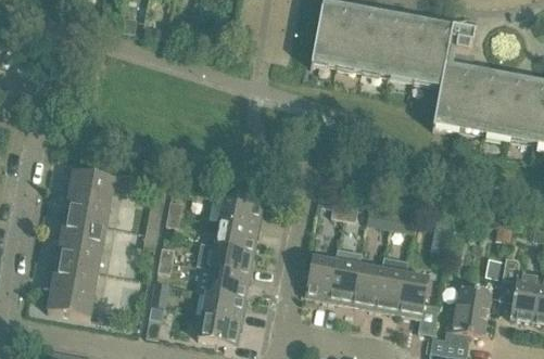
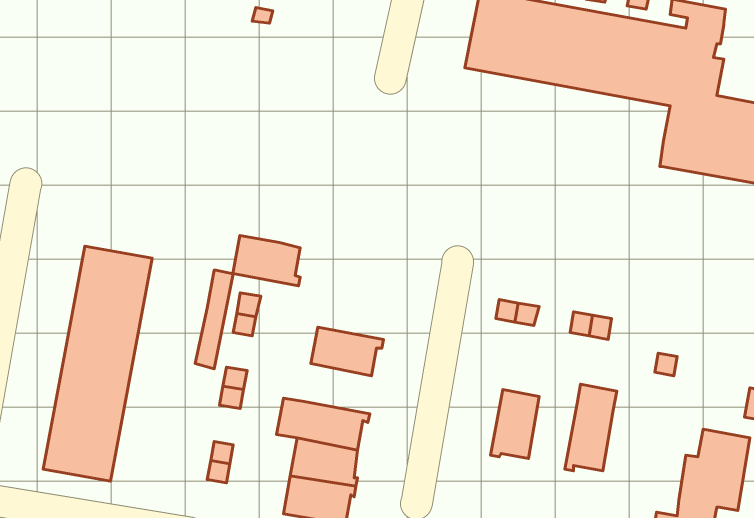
building: [219,196,262,228] -> [233,236,300,286]
building: [211,243,253,274] -> none
building: [305,255,336,300] -> none
building: [352,264,382,309] -> none
building: [398,272,438,333] -> none

